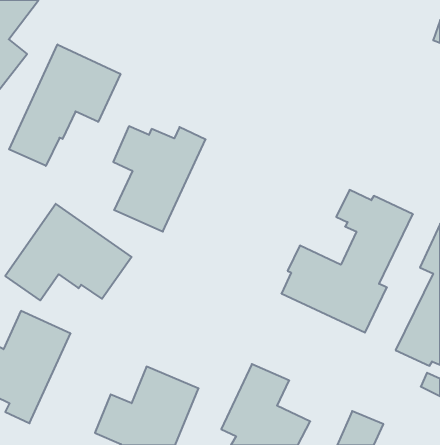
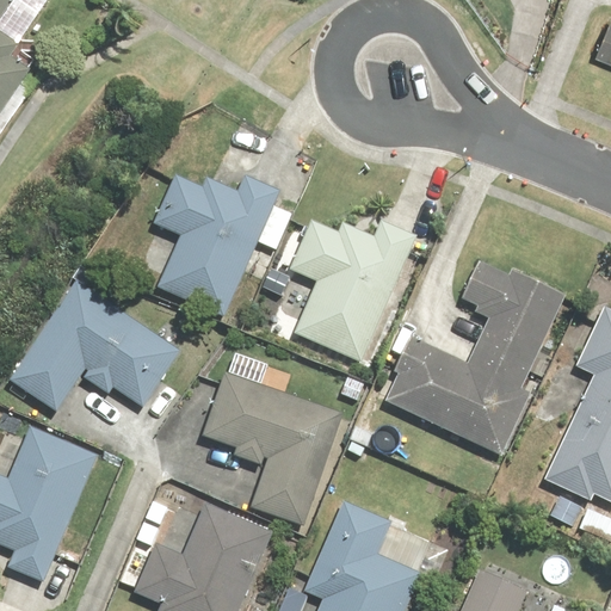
building: [9,44,120,166] -> none
building: none -> [290,218,416,364]
building: none -> [203,371,344,525]

